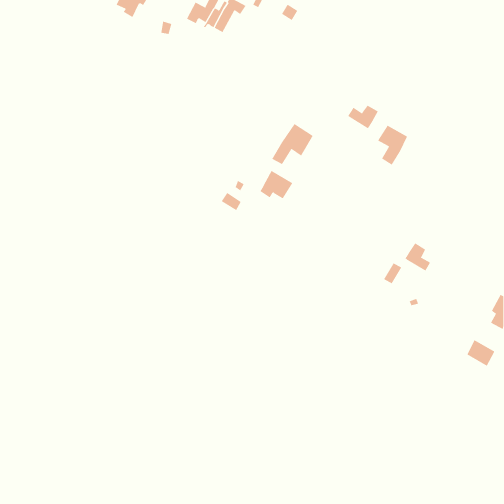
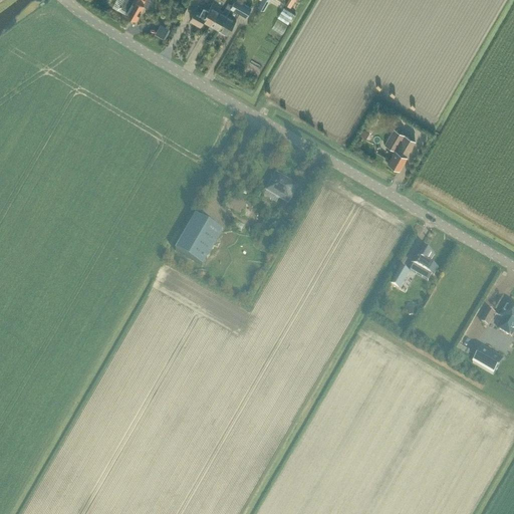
building: [347,105,379,129] -> none
building: [272,123,313,165] -> none
building: none -> [174,213,222,265]

